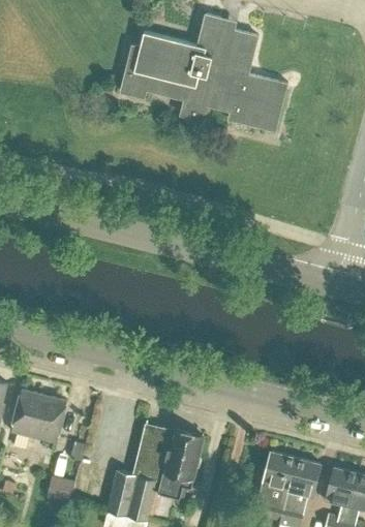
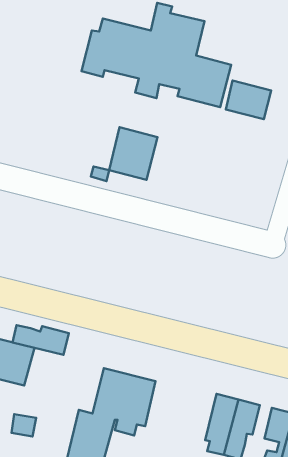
building: none -> [226,80,271,119]
building: none -> [109,127,158,180]
building: none -> [13,325,69,355]

